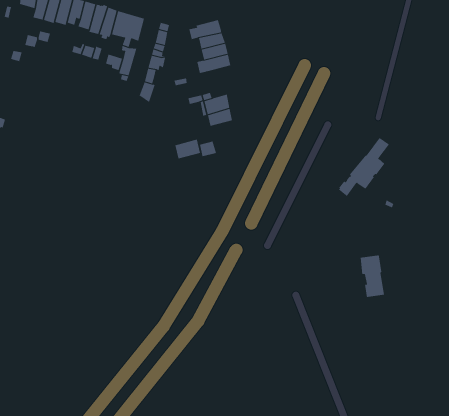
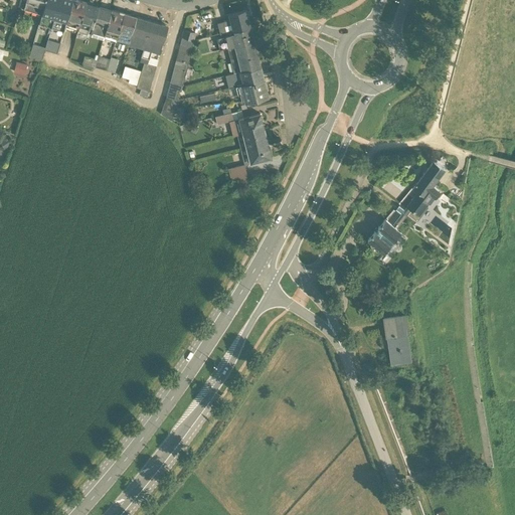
building: none -> [217,10,250,35]
building: none -> [237,79,270,104]
building: [174,139,201,159] -> [240,142,271,165]
building: none -> [367,219,401,253]
building: [360,255,385,298] -> [383,315,411,363]

